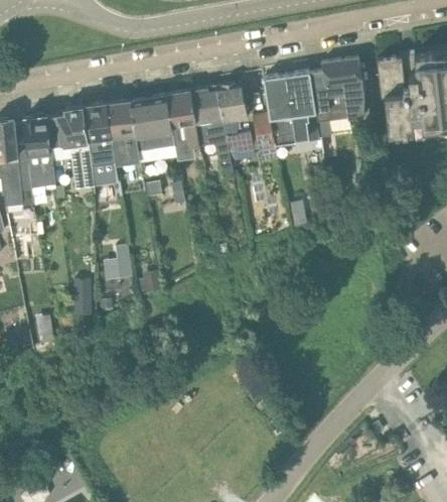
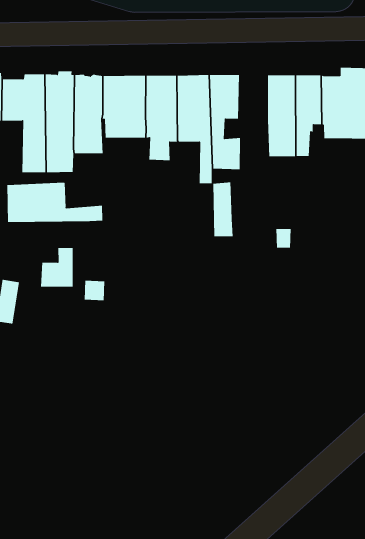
building: [254,116,278,163] -> [212,182,234,237]
building: none -> [7,182,103,223]

